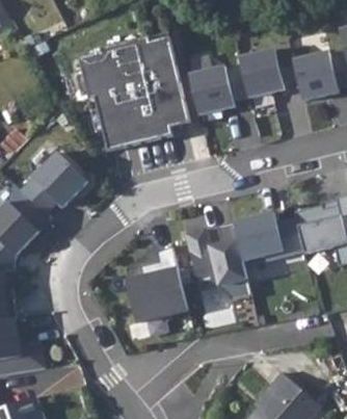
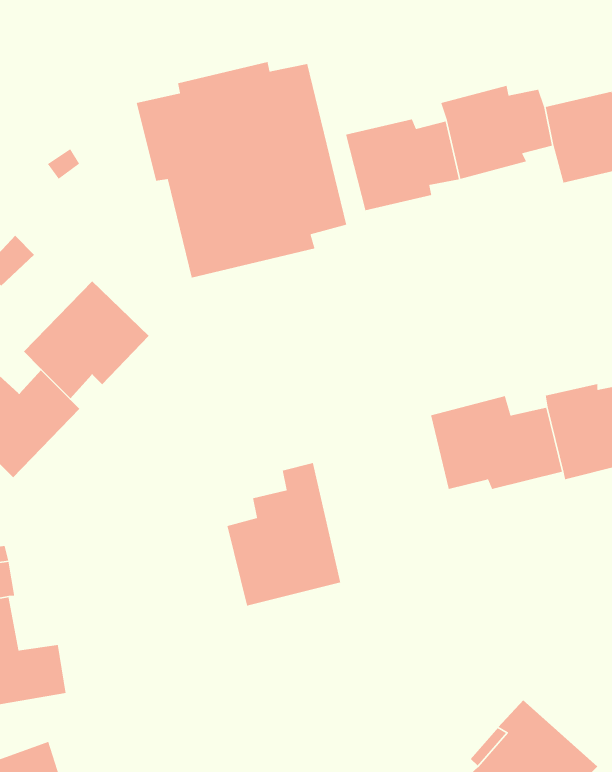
building: [185,222,251,302] -> none

